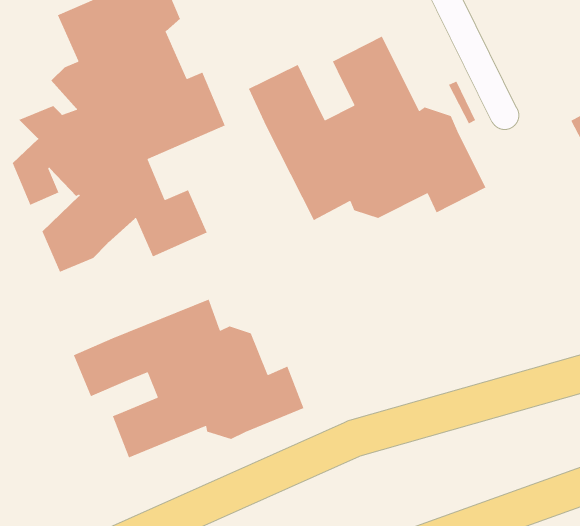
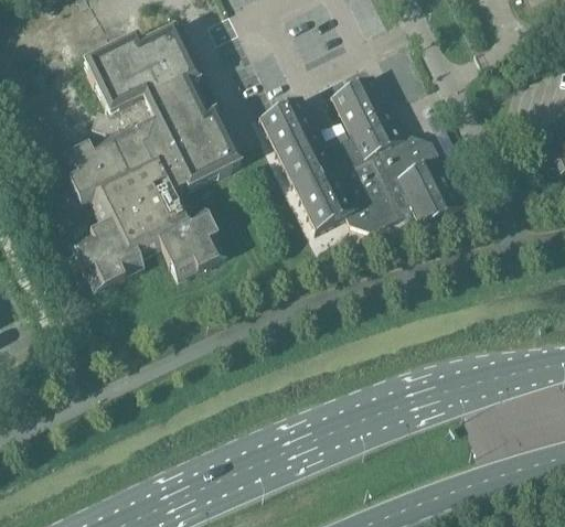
building: [73,298,305,459] -> none

